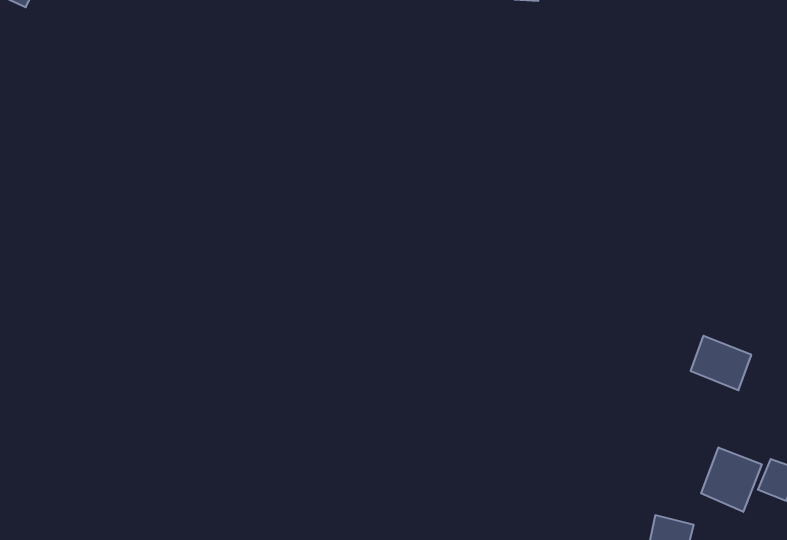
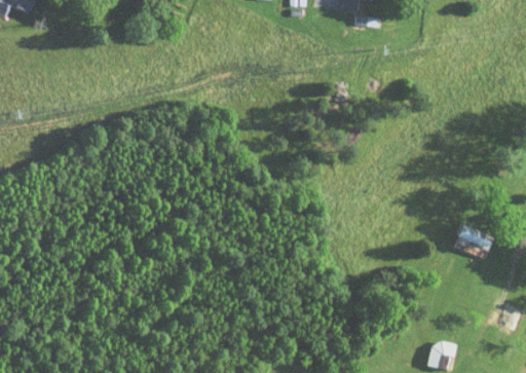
building: [701,447,762,512] -> none

